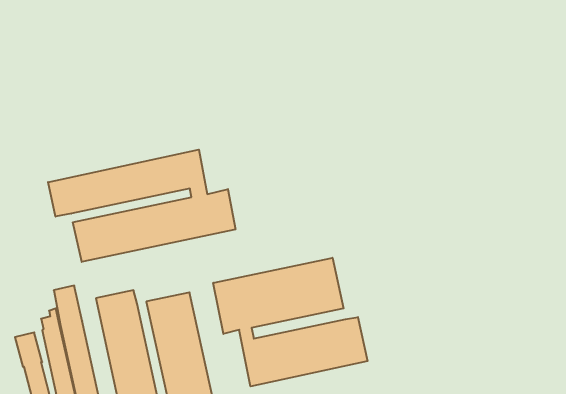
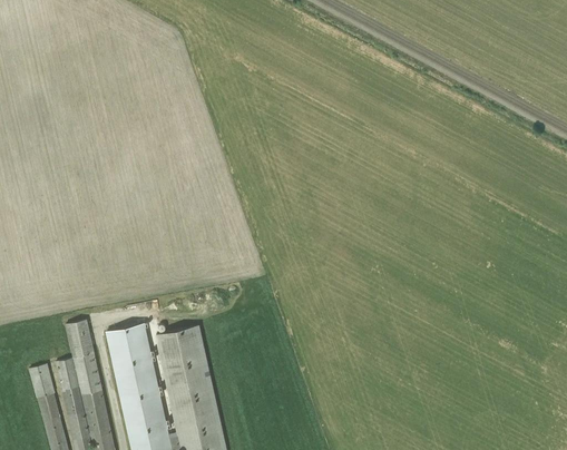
building: [48,150,235,262] -> none
building: [213,258,368,386] -> none

